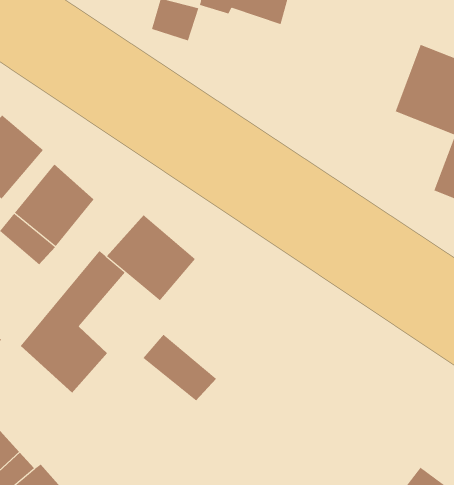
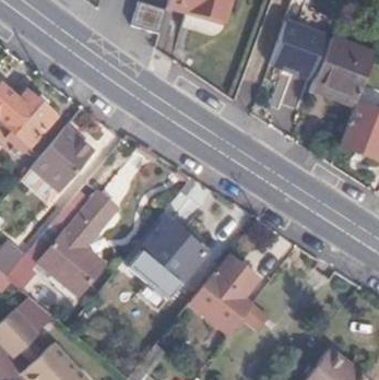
building: none -> [272,20,327,78]
building: [106,214,196,301] -> [143,219,209,283]
building: none -> [197,257,258,330]

